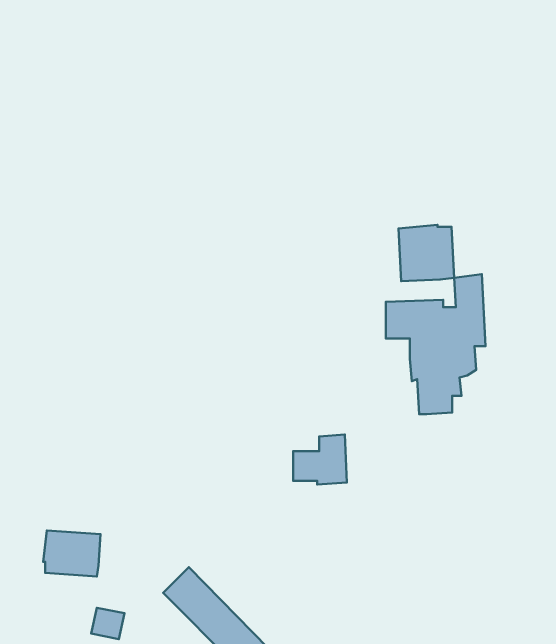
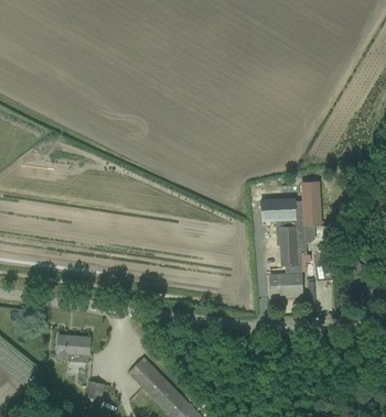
building: [398,225,454,281] -> none
building: [293,435,347,484] -> [270,264,302,294]

